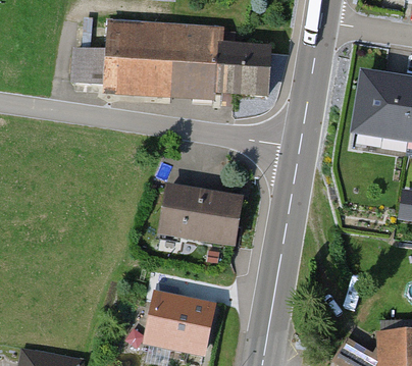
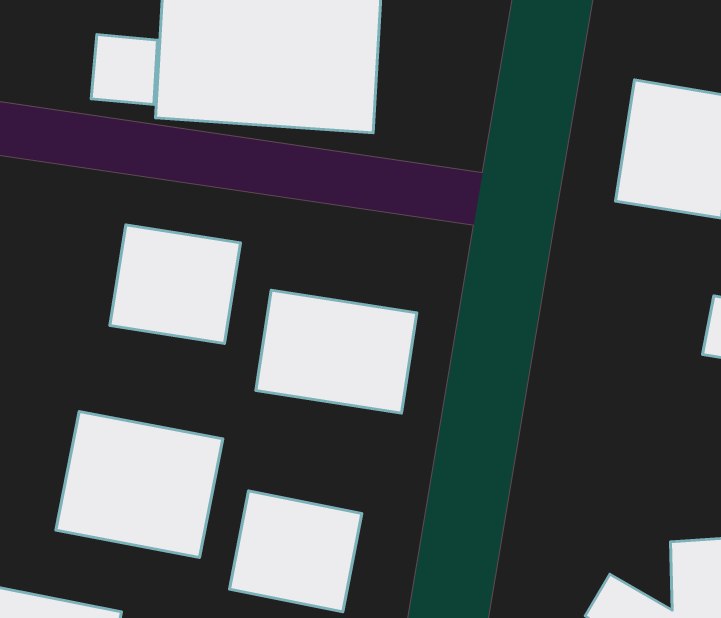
building: [222,44,275,98] -> none
building: none -> [110,225,241,343]
building: none -> [56,412,223,557]

